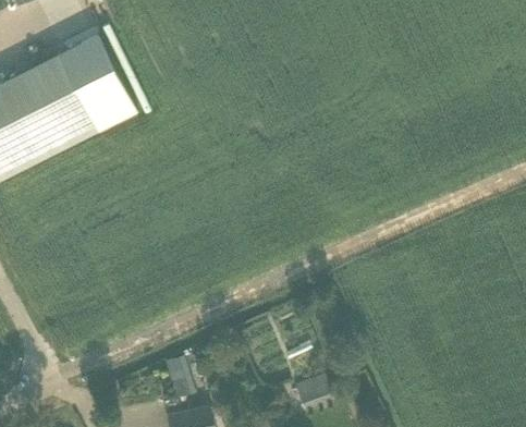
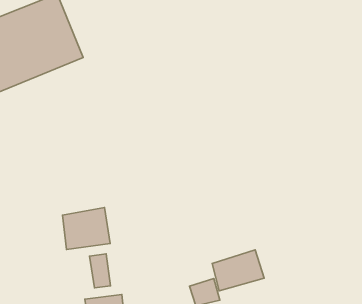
building: none -> [62,208,110,249]
building: none -> [212,250,264,291]

